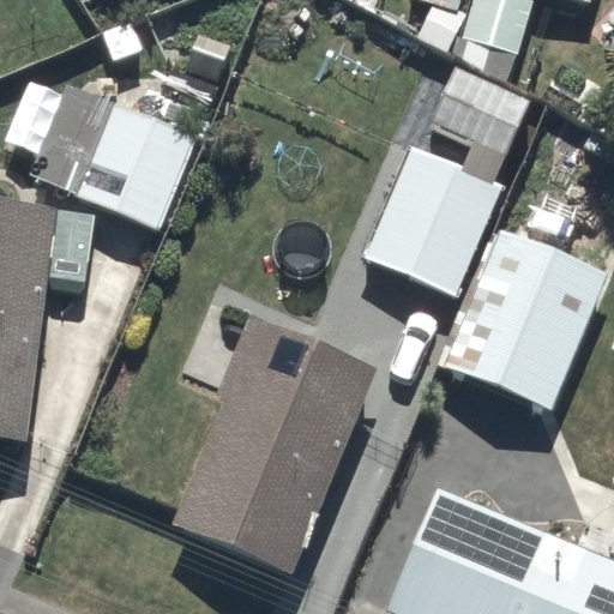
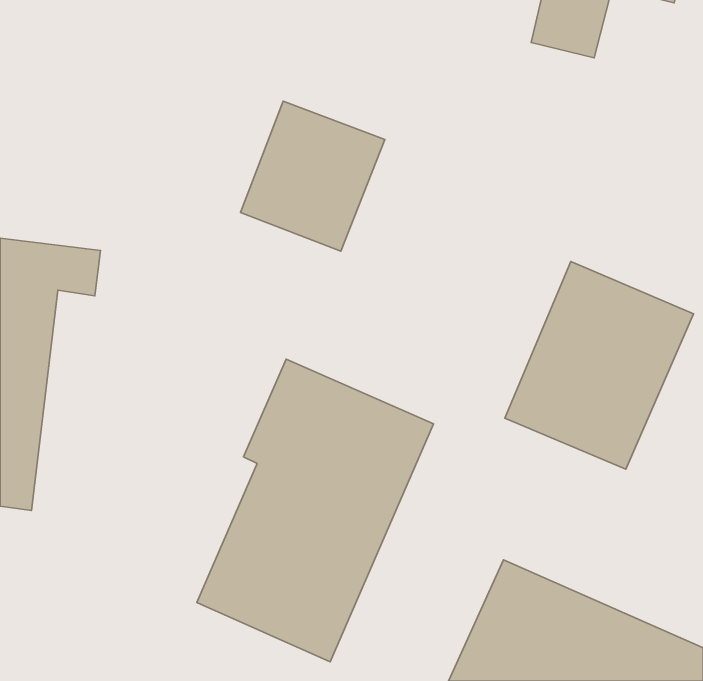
building: [360,65,531,296] -> none
building: [70,100,195,230] -> [241,101,385,251]

